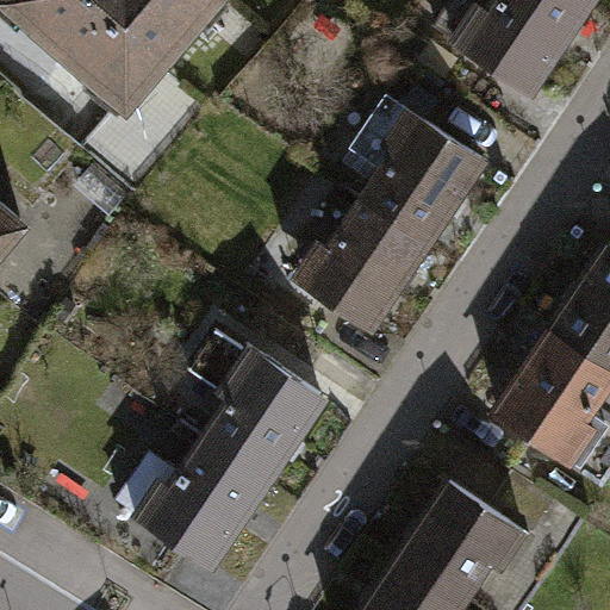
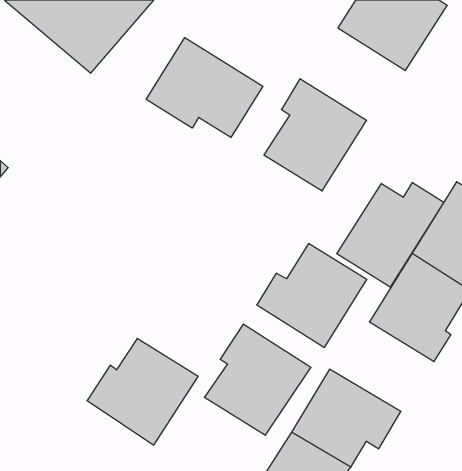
building: none -> [146,38,263,137]
building: [287,203,429,336] -> [257,244,367,347]
building: none -> [337,183,444,287]
building: [191,344,328,487] -> [204,324,311,435]

